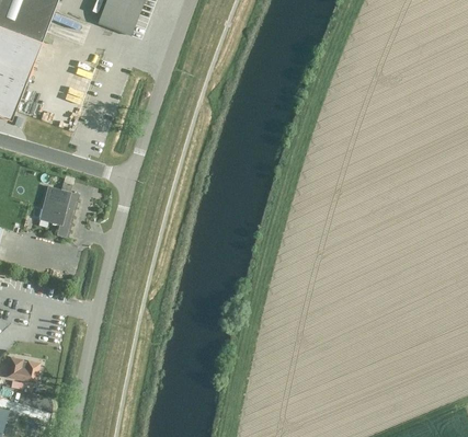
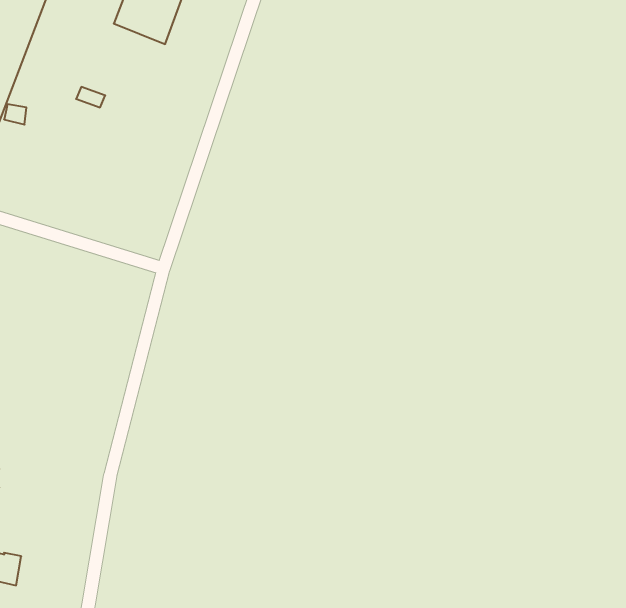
building: [38,184,77,235] -> none

